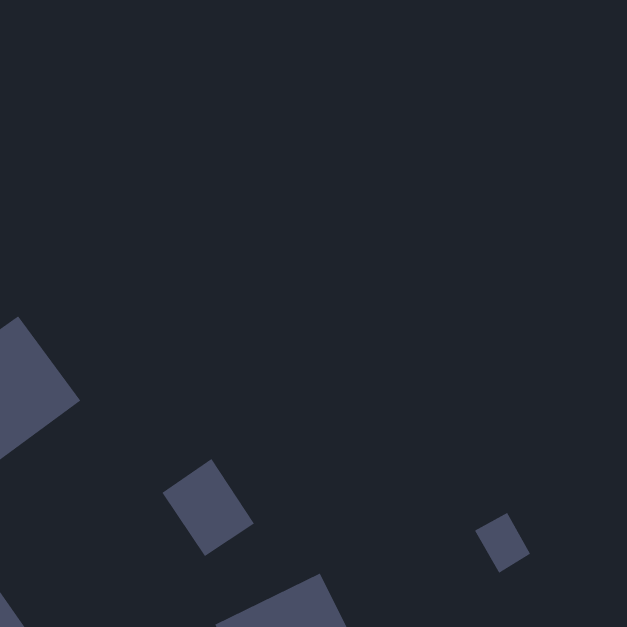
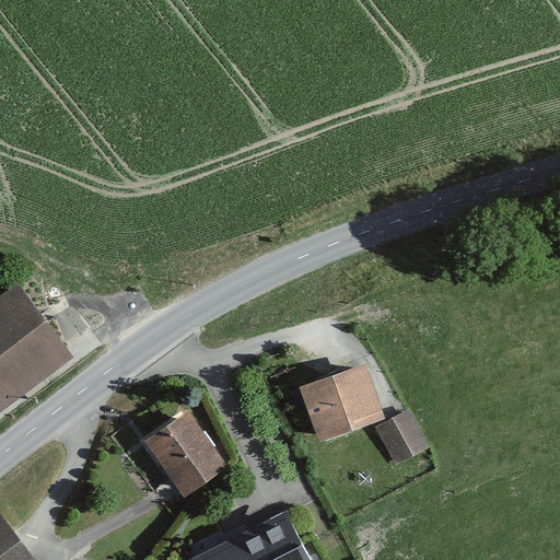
building: none -> [298,362,384,441]
building: [474,512,531,574] -> [373,413,423,468]

